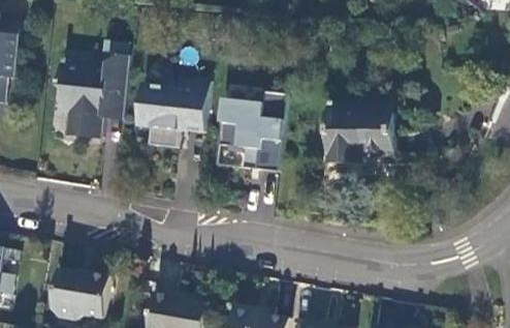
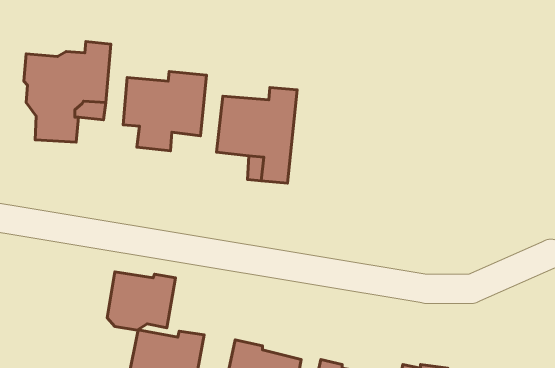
building: [326,108,393,163] -> none
building: [52,274,108,323] -> [107,272,176,330]

